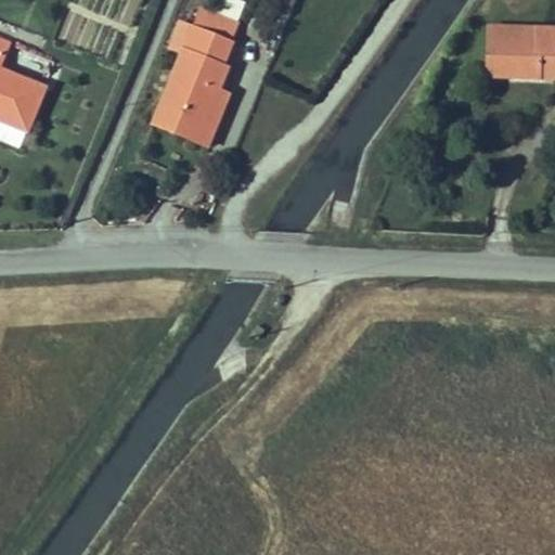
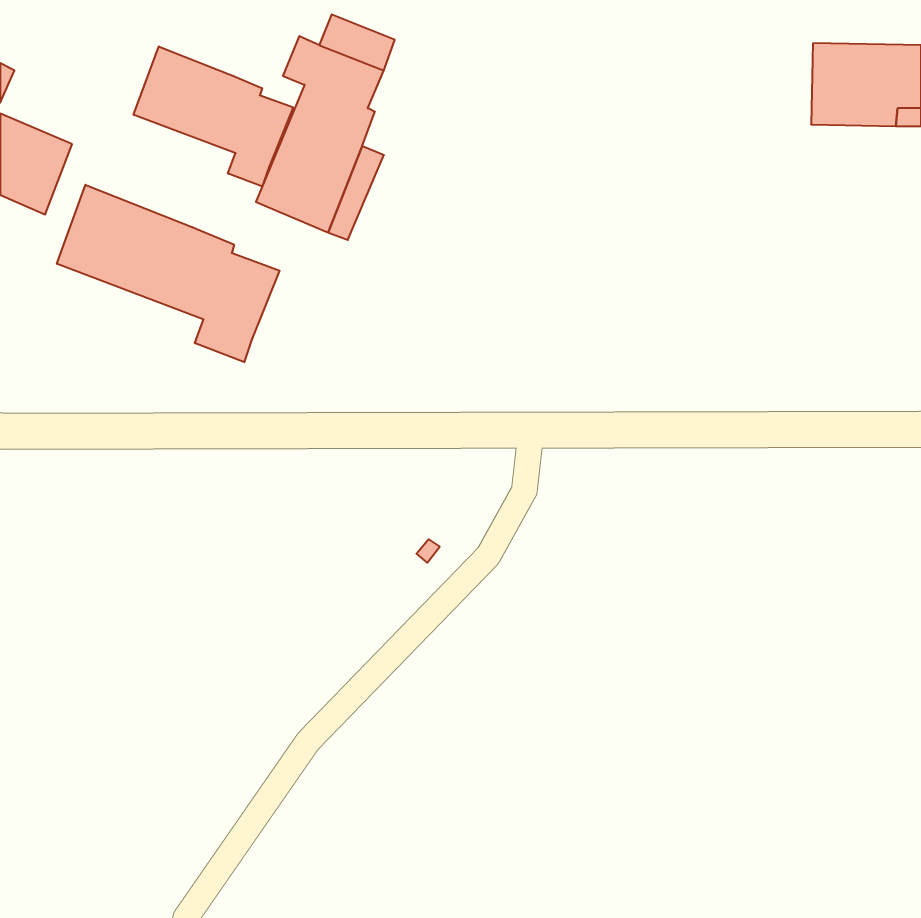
building: none -> [134,46,293,187]
building: none -> [57,185,280,362]

